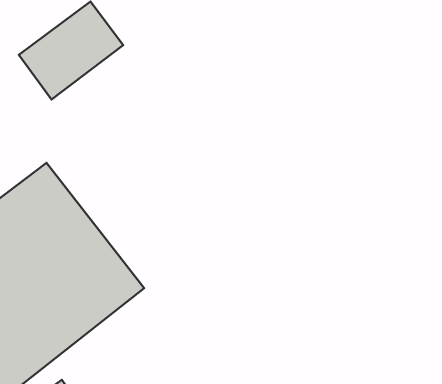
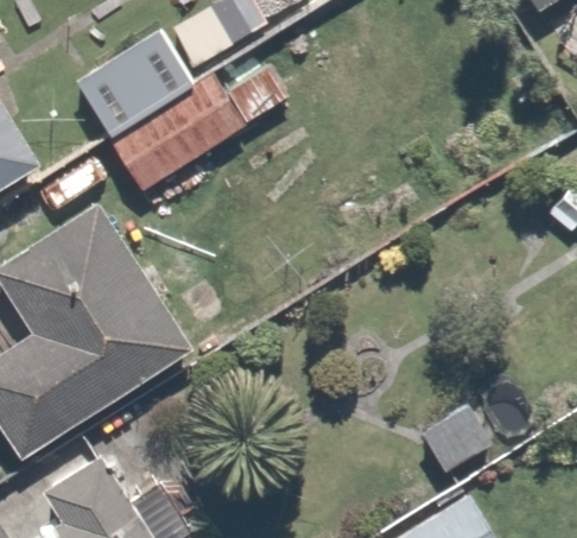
building: none -> [108,63,254,190]

